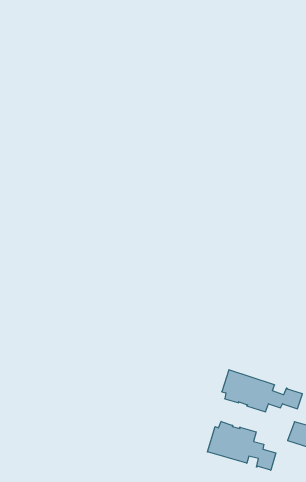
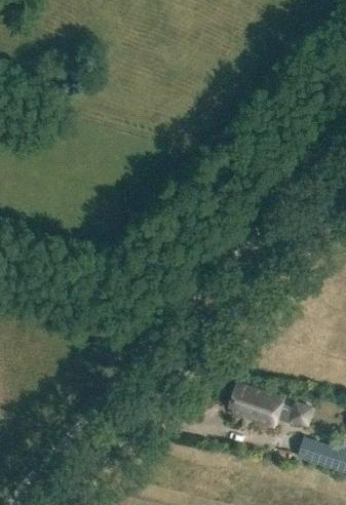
building: [207,421,276,470] -> none

